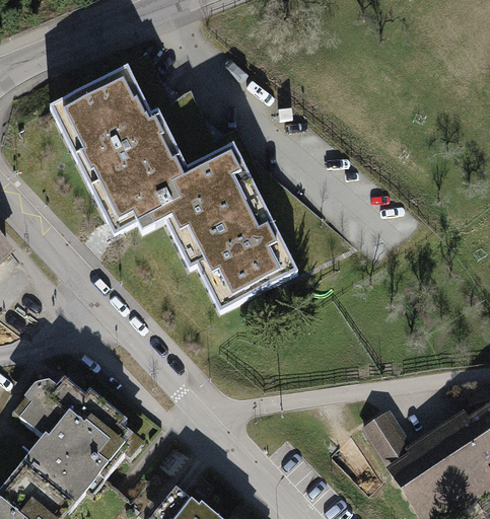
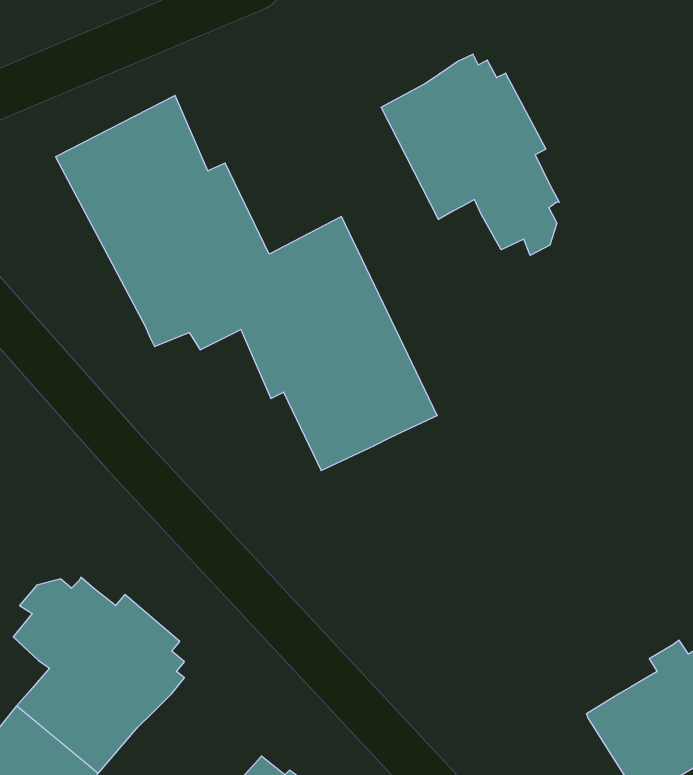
building: none -> [381,54,559,255]
building: [366,411,414,465] -> none

